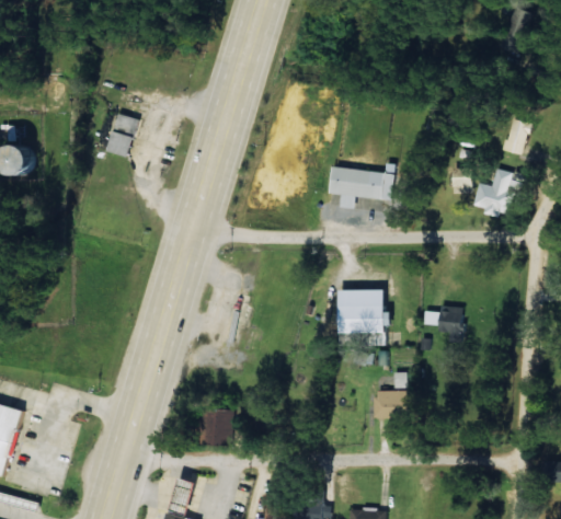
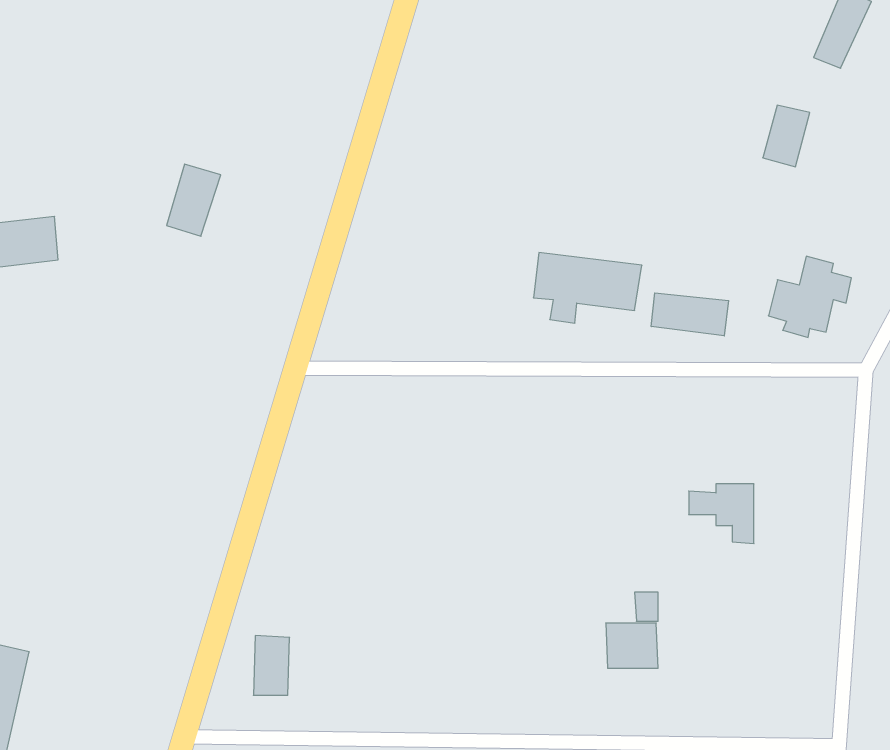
building: [501,118,529,155] -> [763,105,810,167]
building: none -> [651,293,729,336]
building: [336,293,388,333] -> none
building: [209,410,231,446] -> [253,636,290,695]

